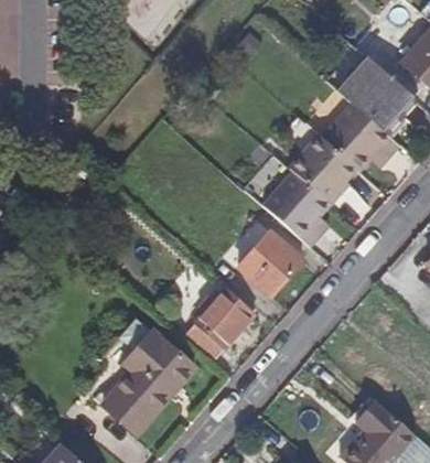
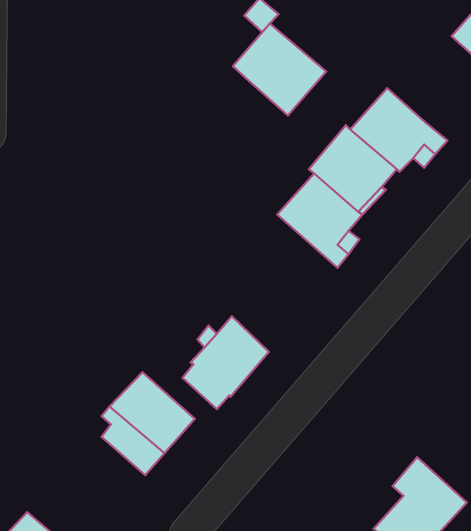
building: [338,56,413,130] -> [233,24,326,115]
building: [238,229,304,297] -> none
building: [105,383,158,433] -> none

